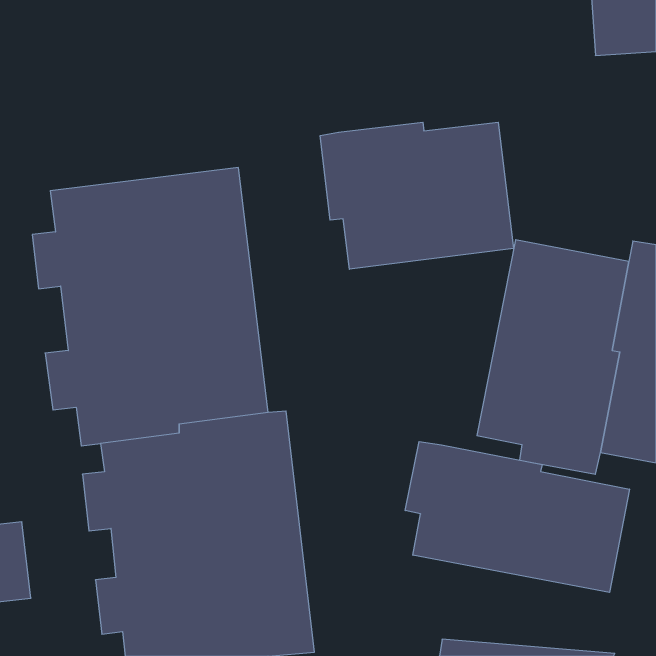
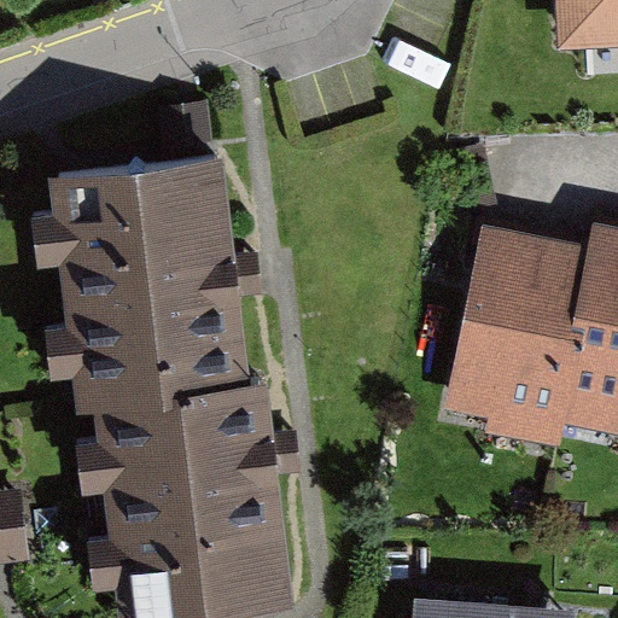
building: [320,122,513,269] -> none
building: [405,442,629,592] -> none

